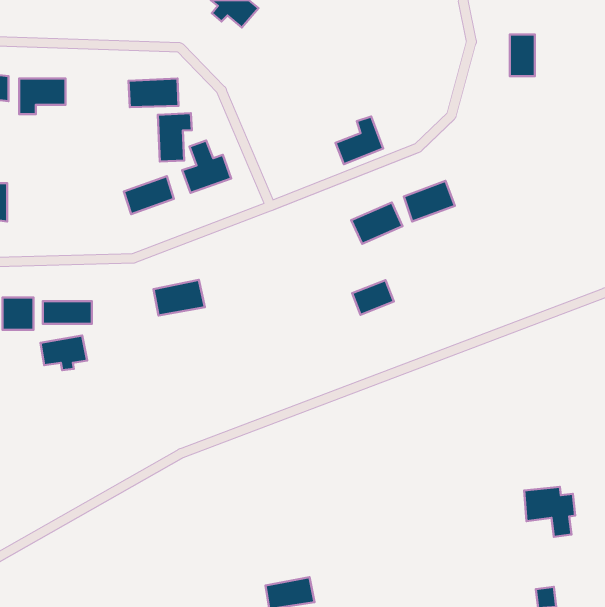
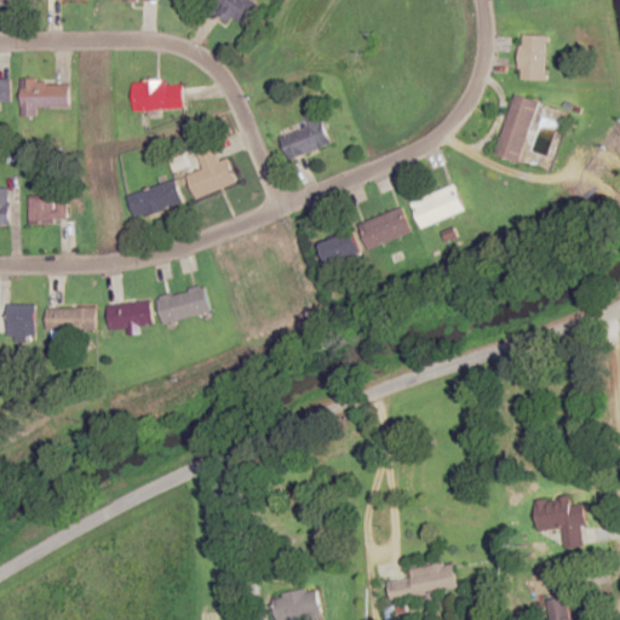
building: none -> [492,93,536,162]
building: [158,113,192,161] -> none
building: [335,117,383,164] -> [280,110,328,159]
building: none -> [27,195,64,222]
building: [352,280,394,315] -> [317,230,360,265]
building: [41,336,87,370] -> [105,299,153,334]
building: none -> [389,561,457,601]

